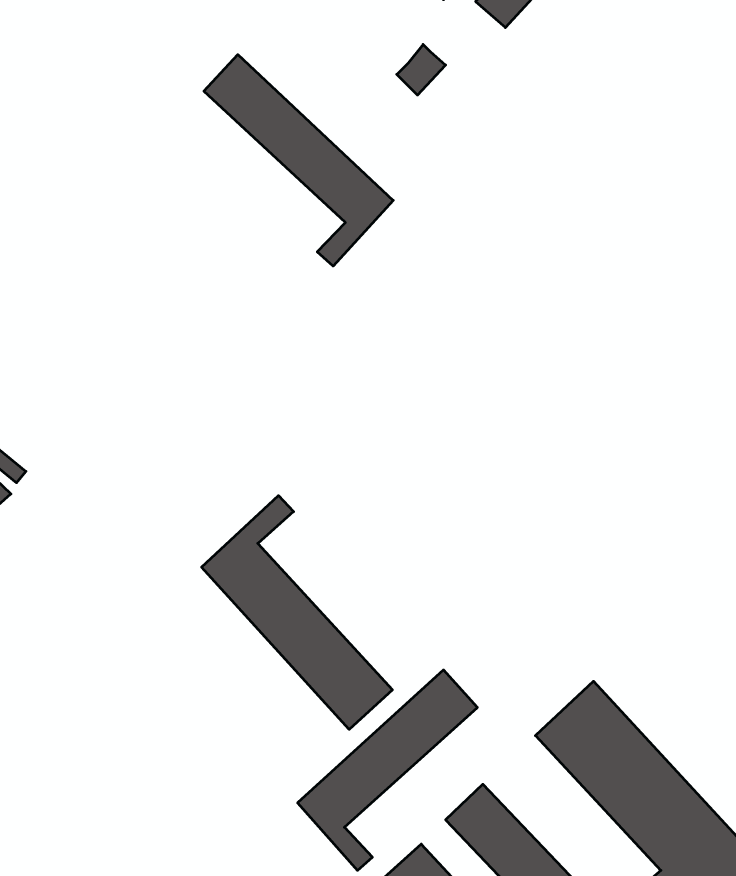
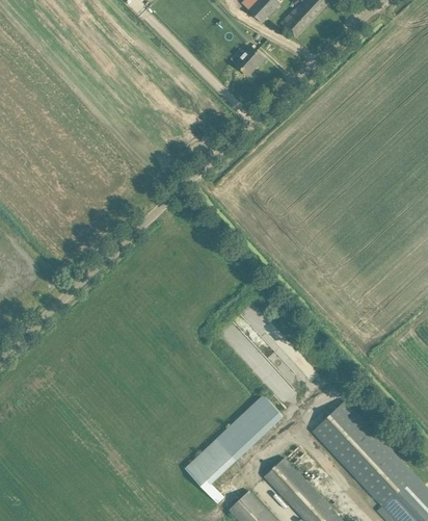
building: [204,55,393,266] -> none
building: [202,496,392,729] -> none

